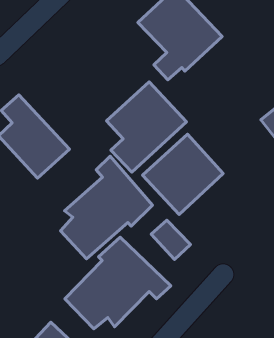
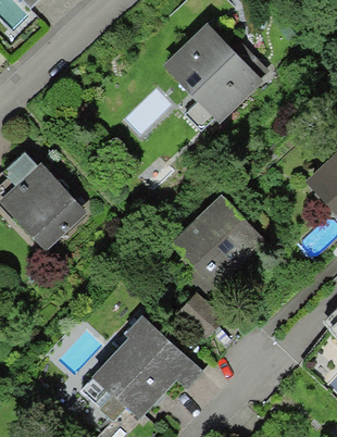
building: [107,82,186,172] -> none
building: [61,156,152,259] -> none

